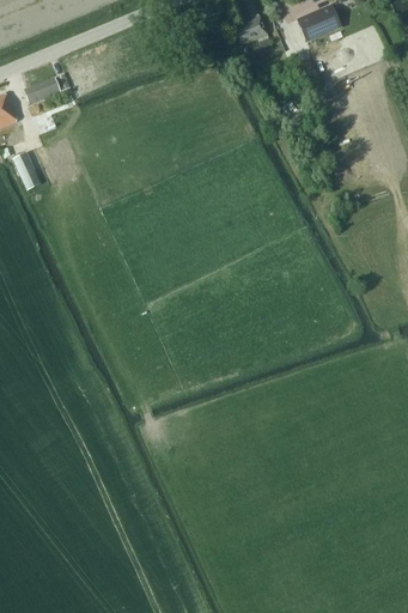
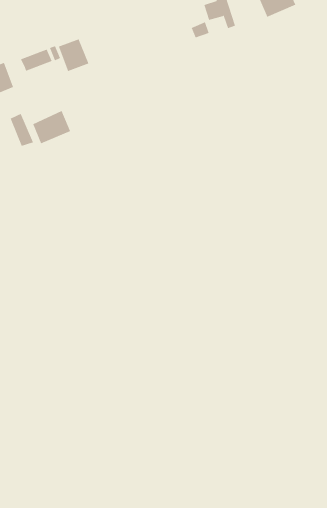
building: none -> [58,39,89,72]
building: none -> [33,110,71,144]

